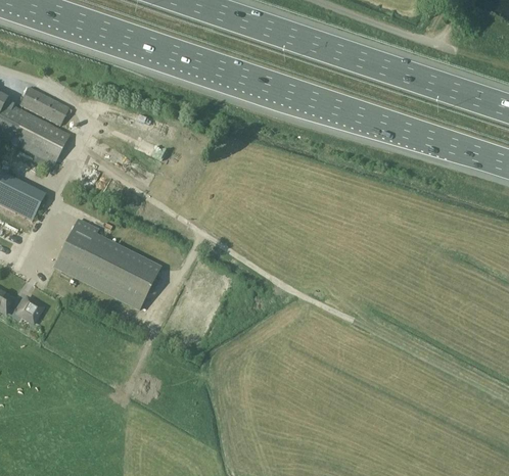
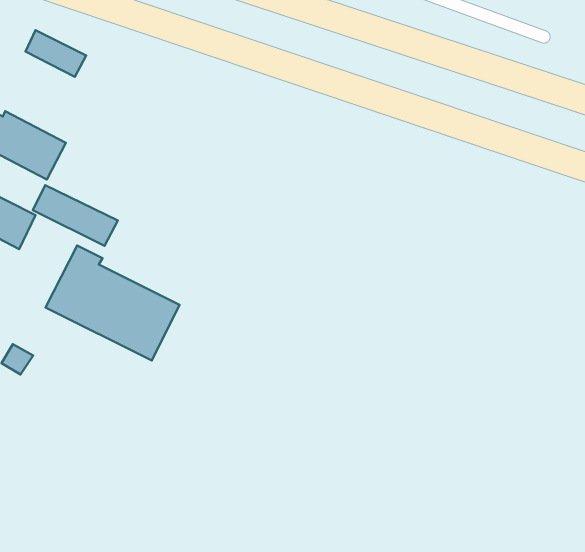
building: [20,86,70,124] -> [26,30,86,77]
building: none -> [33,185,118,246]

